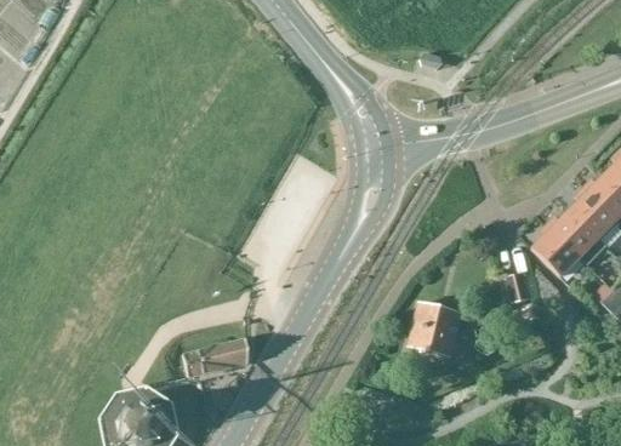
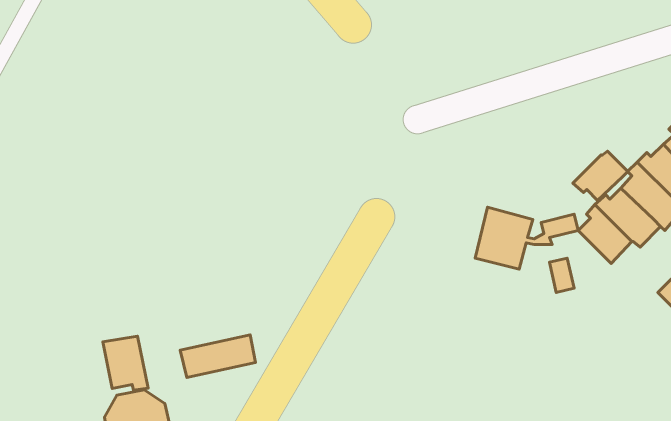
building: none -> [573,151,628,200]
building: [410,302,501,356] -> [475,207,578,269]
building: none -> [103,336,148,390]

